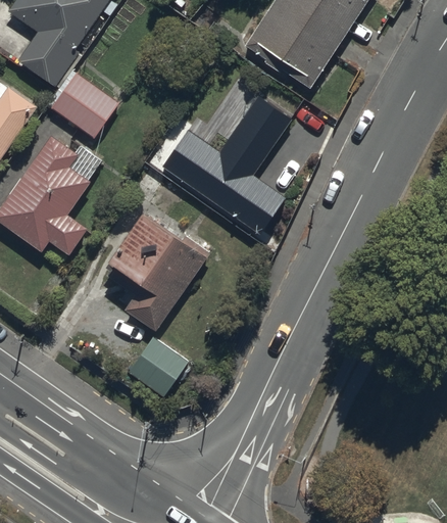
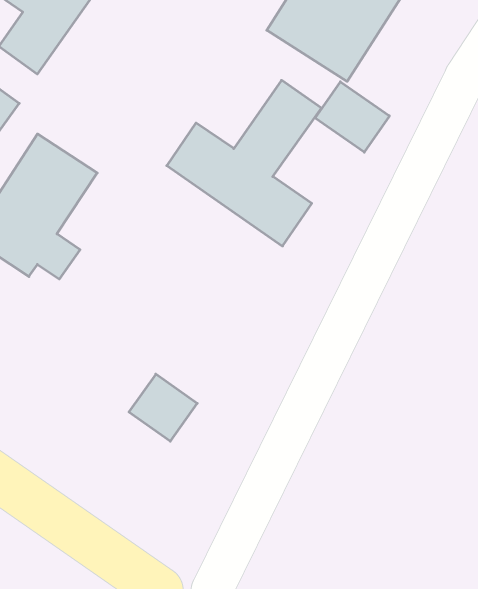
building: [52,73,120,139] -> none
building: none -> [315,82,389,152]
building: [98,208,208,334] -> none

